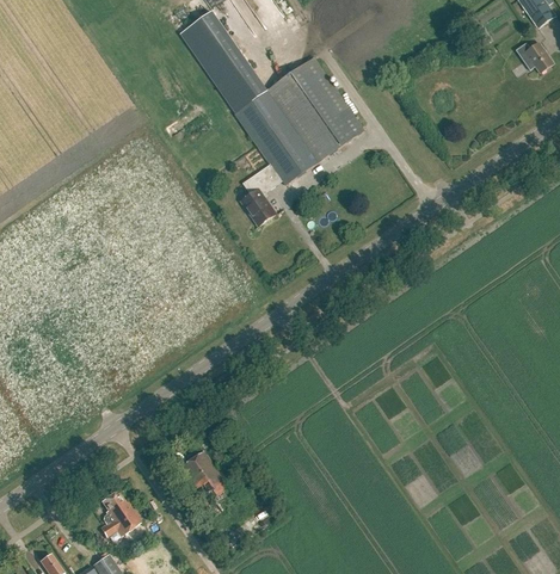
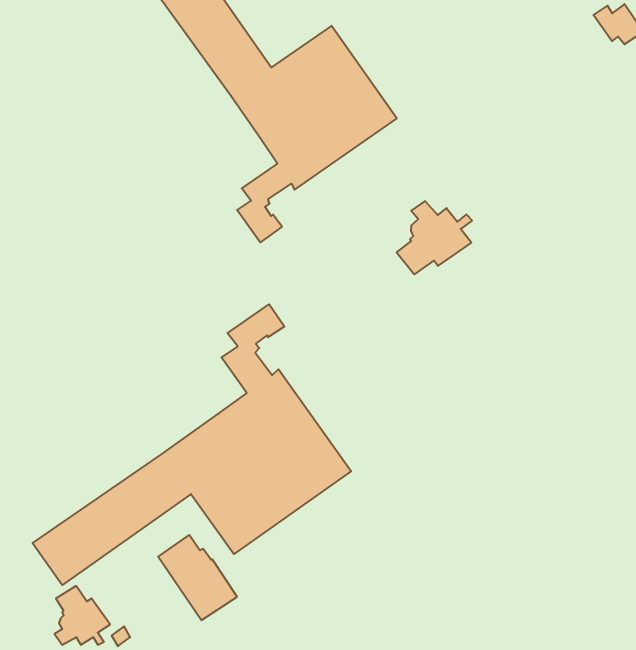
building: none -> [397,201,472,274]
building: none -> [33,304,351,585]

